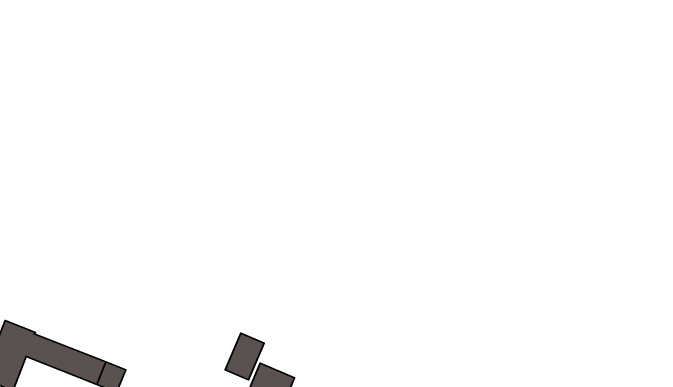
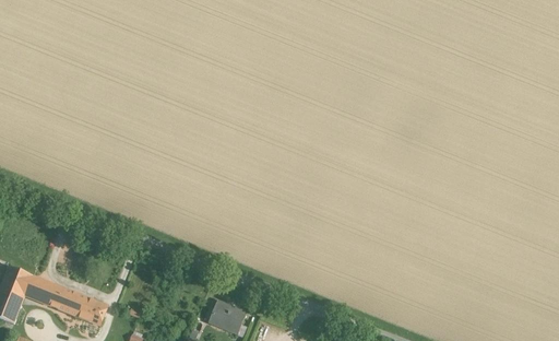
building: [225,333,264,380] -> none

